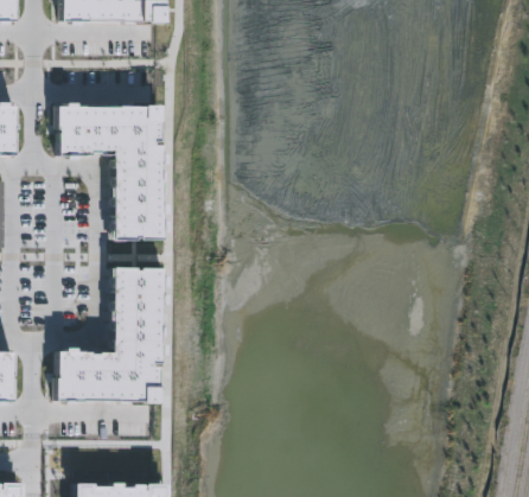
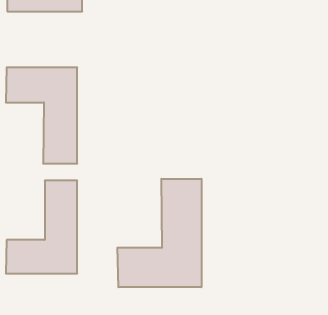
building: none -> [117,179,201,287]

